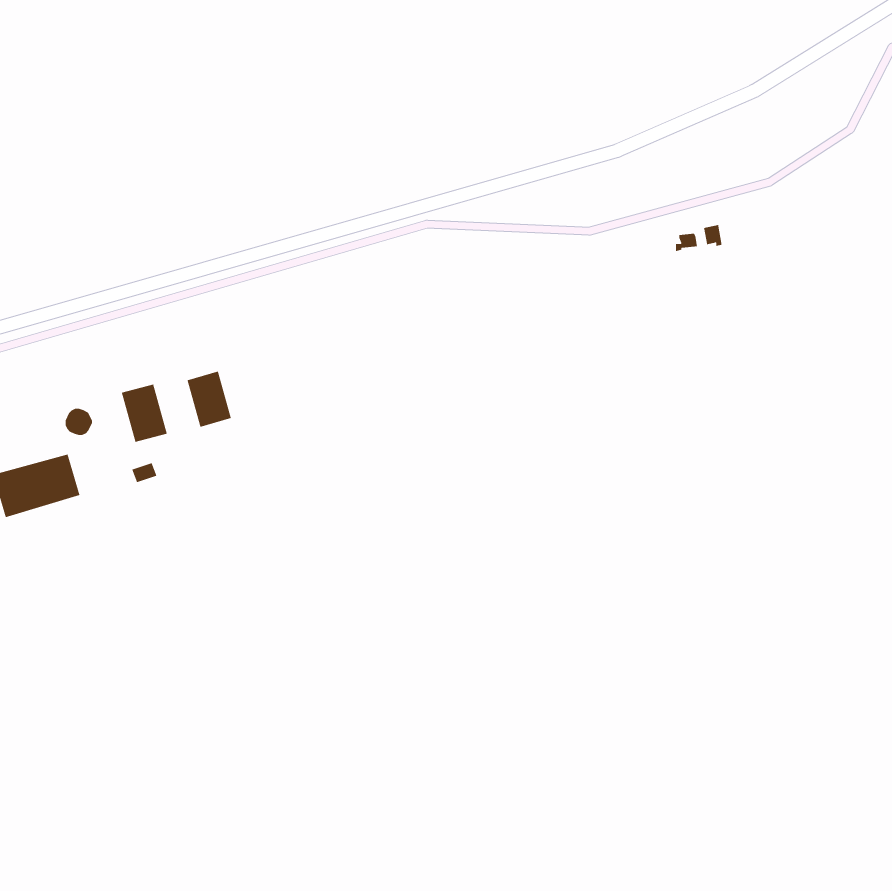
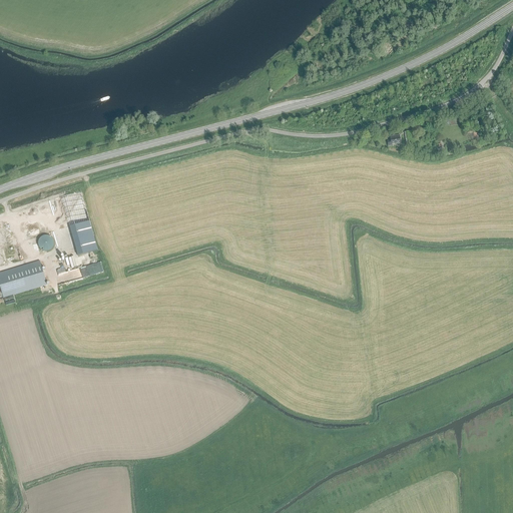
building: [187,370,232,428] -> none

